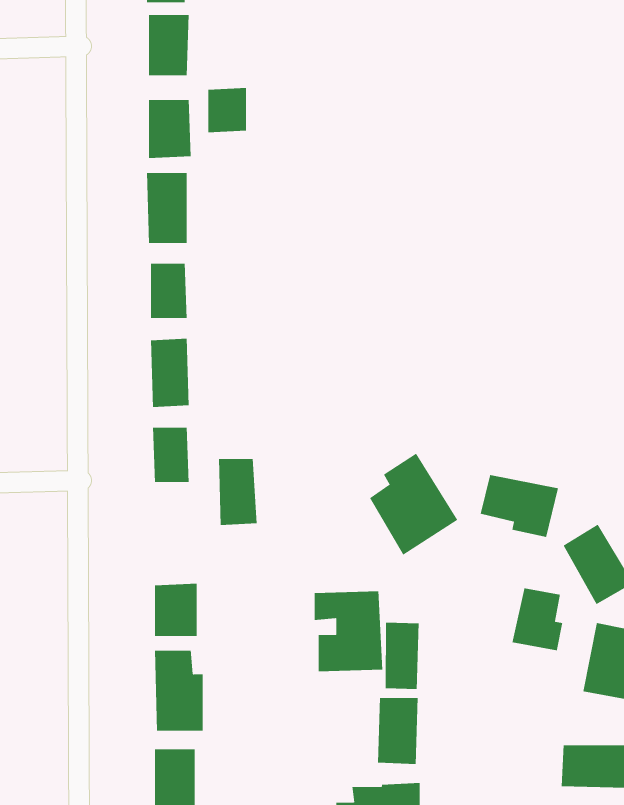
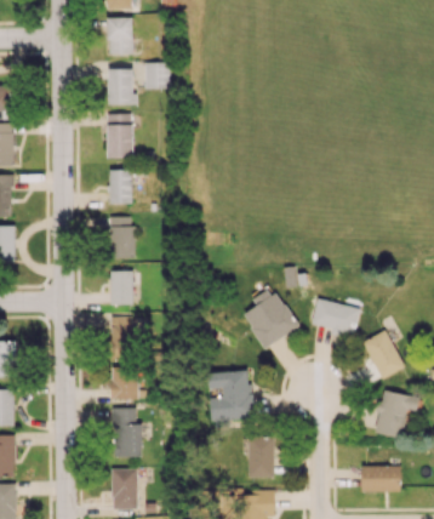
building: [218,458,258,526] -> [110,318,135,359]
building: [512,588,563,651] -> none
building: [385,622,419,690] -> none

